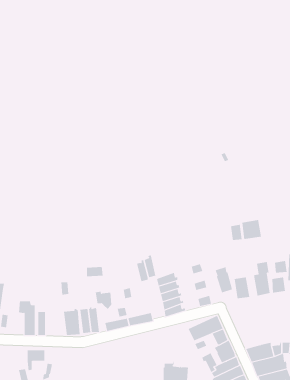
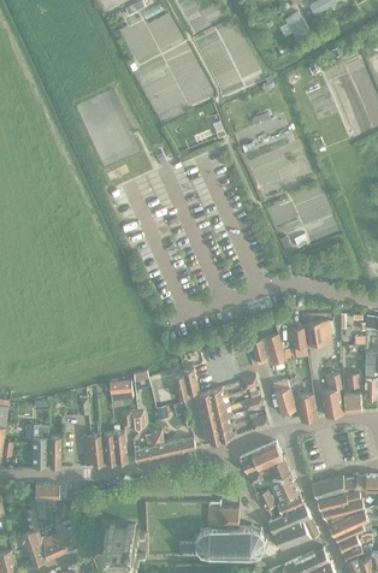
building: none -> [249,333,284,364]

